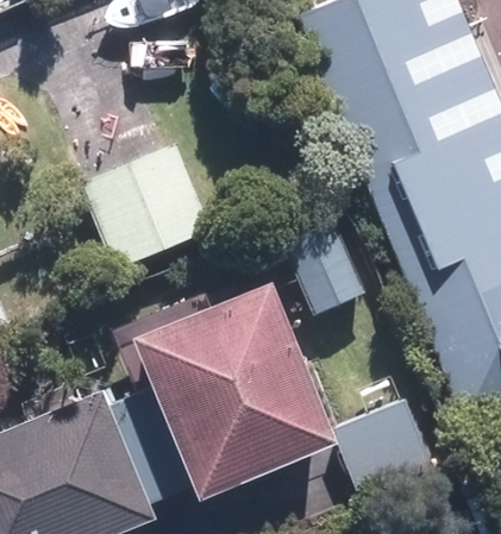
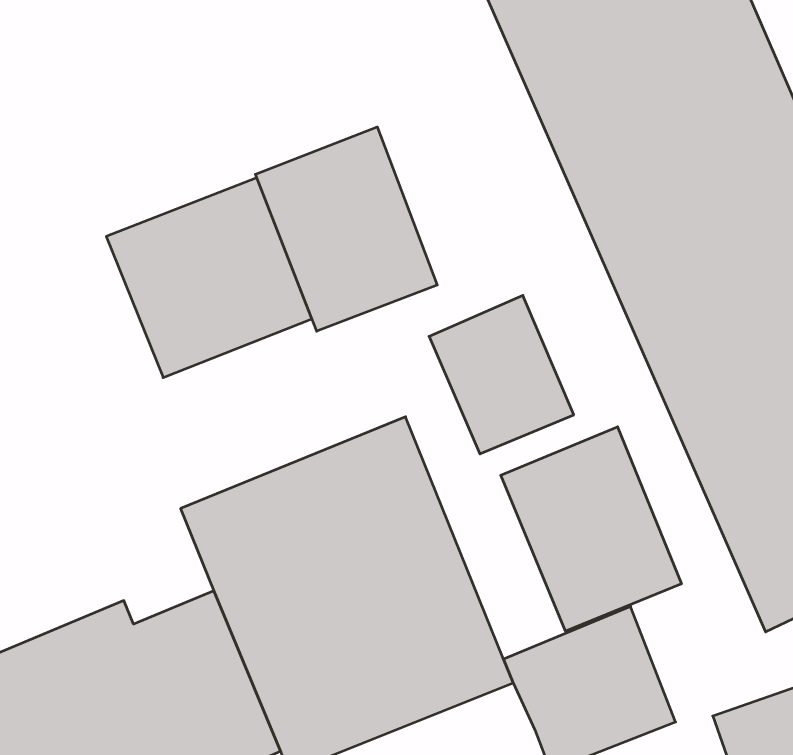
building: none -> [255,127,437,331]
building: none -> [501,427,681,631]

